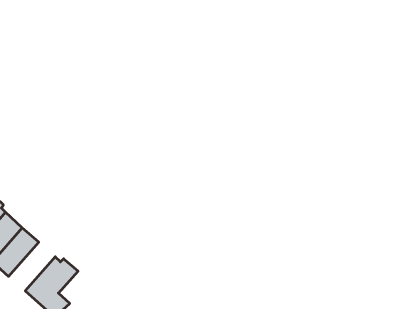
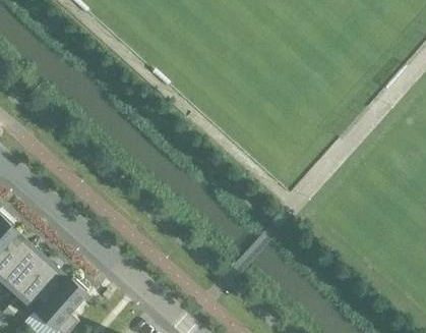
building: none -> [17,260,63,308]

